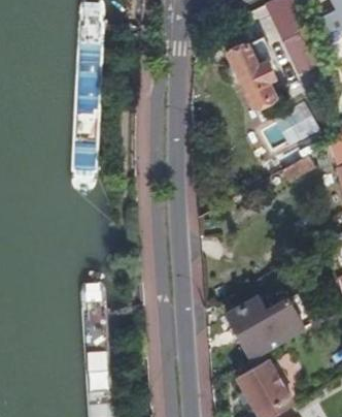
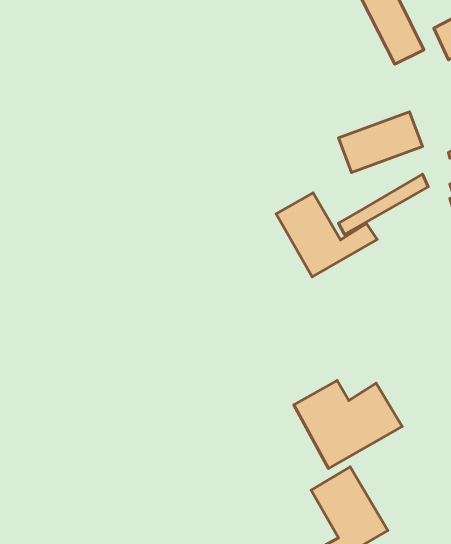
building: [227,37,276,105] -> none
building: none -> [276,193,377,277]

